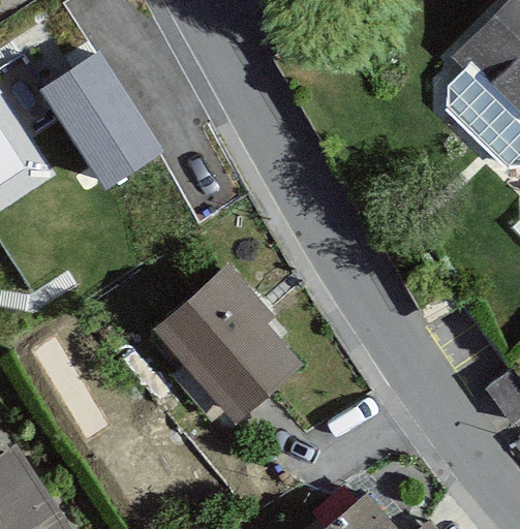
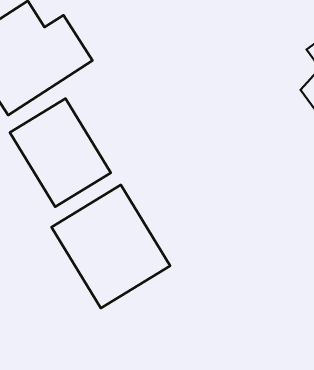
building: none -> [10,98,111,207]

